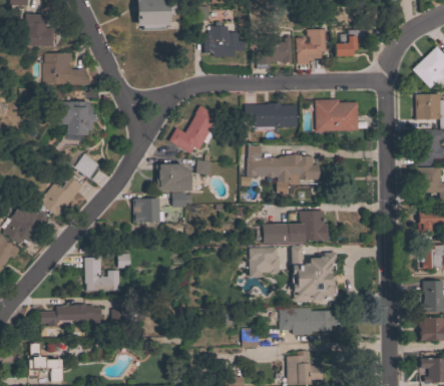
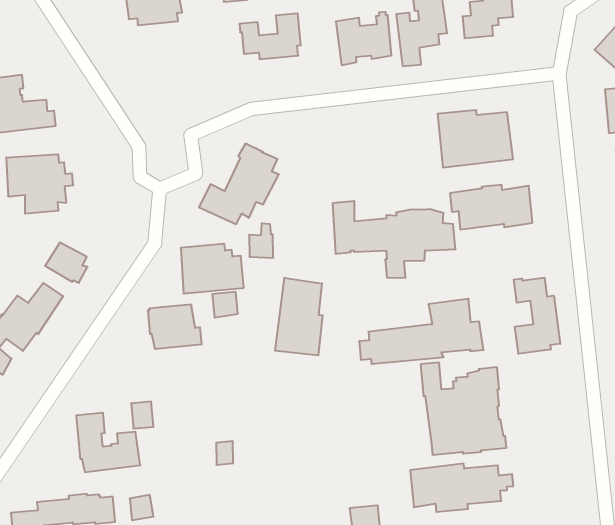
building: [250,102,297,127] -> [450,185,532,230]
building: none -> [275,278,323,355]
building: none -> [514,278,560,354]
building: [250,247,280,277] -> none

